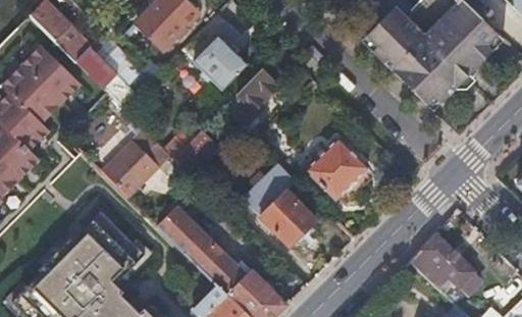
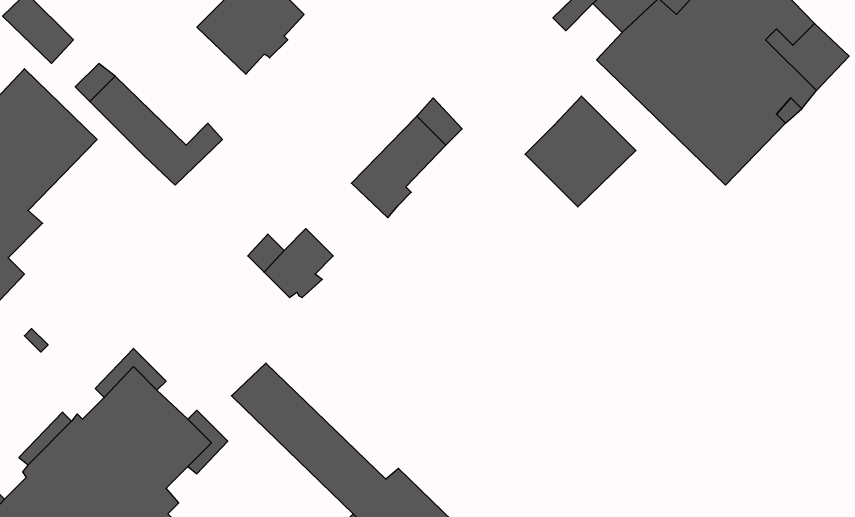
building: [184,15,249,91] -> none
building: [308,138,370,200] -> [525,96,636,207]
building: [100,142,158,200] -> none
building: [242,162,317,248] -> none
building: [412,231,481,292] -> none

